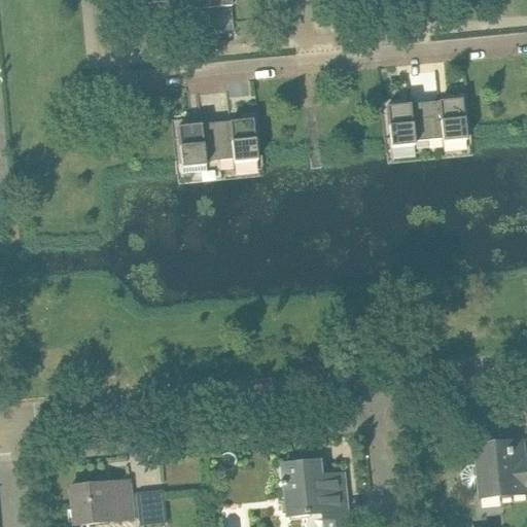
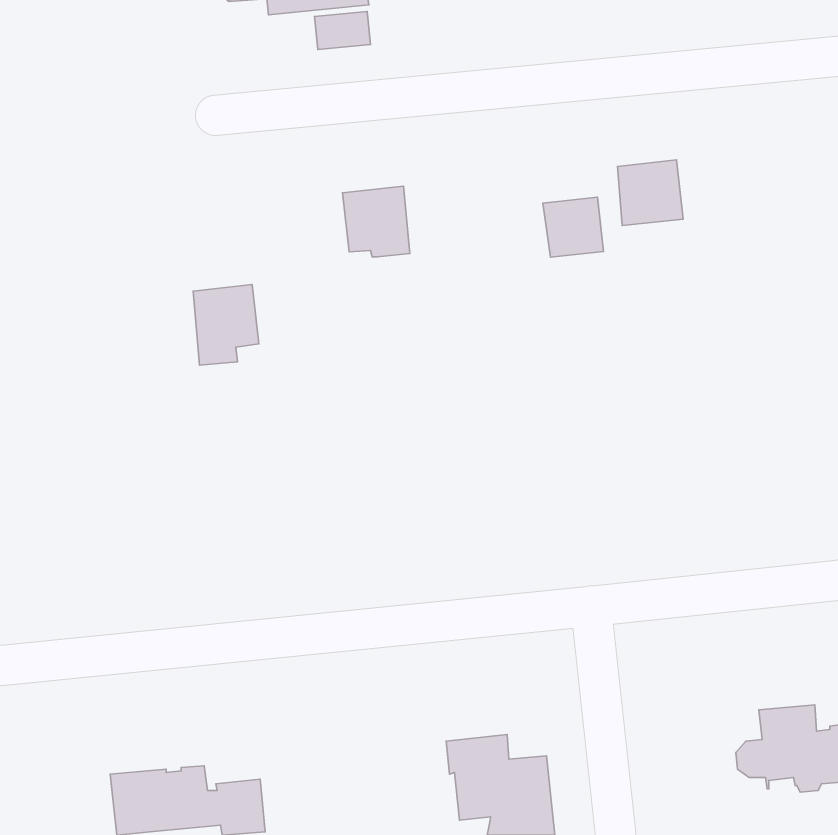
building: [425,97,467,140] -> none
building: [179,120,220,171] -> [193,284,259,365]
building: none -> [543,197,604,257]

